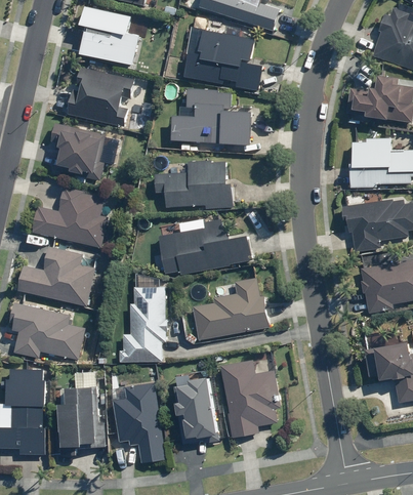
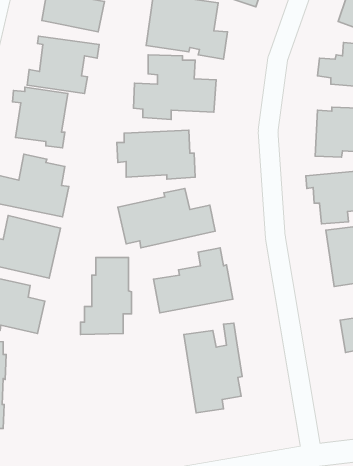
building: [172,371,219,444] -> none
building: [56,372,105,447] -> none
building: [111,382,166,464] -> none

